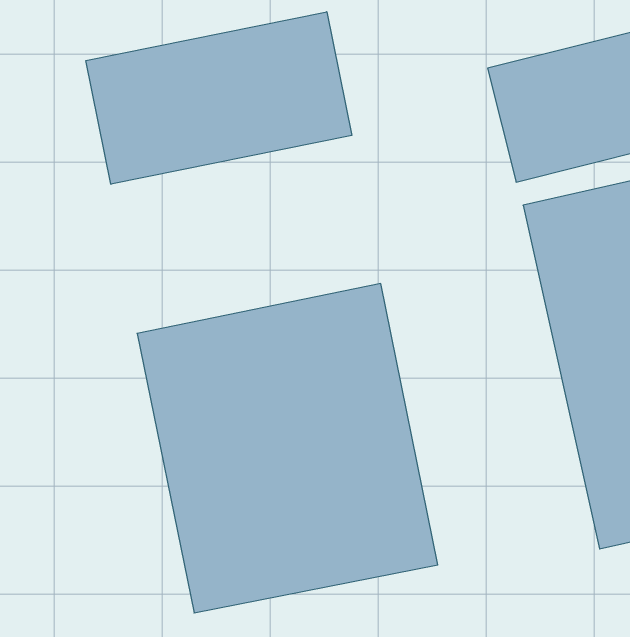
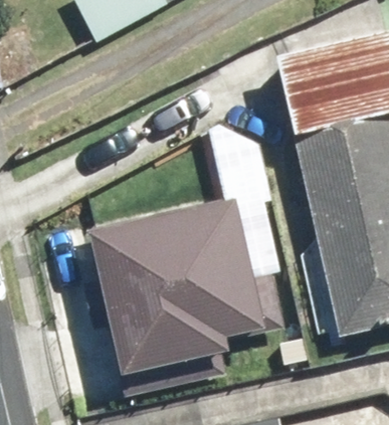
building: [86,12,352,184] -> none

